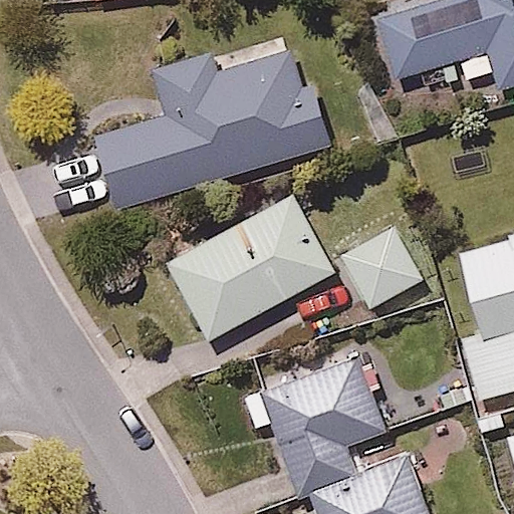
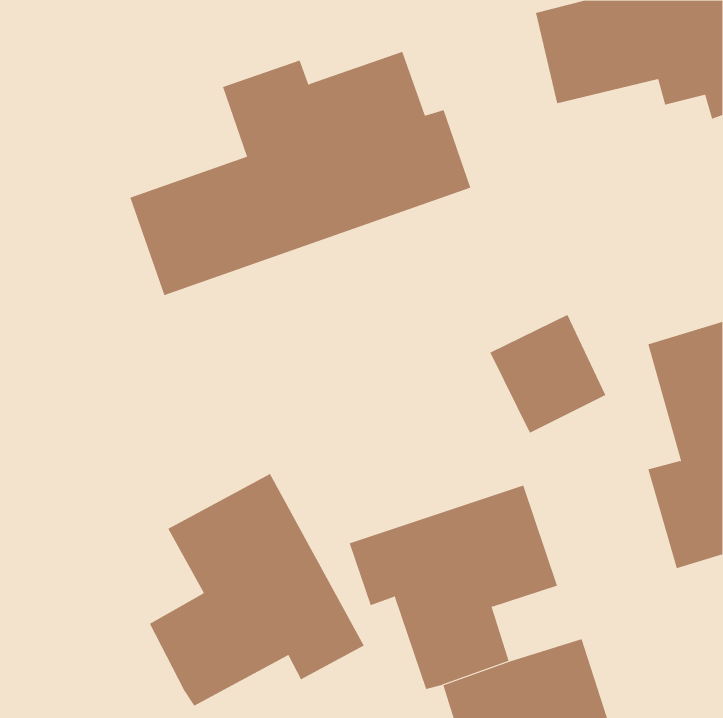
building: [165,191,343,345] -> none
building: none -> [149,473,365,707]

